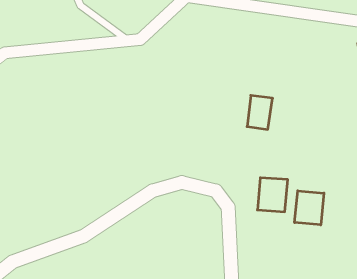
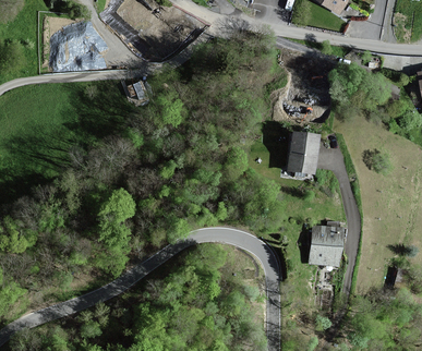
building: [295,191,324,225] -> none

